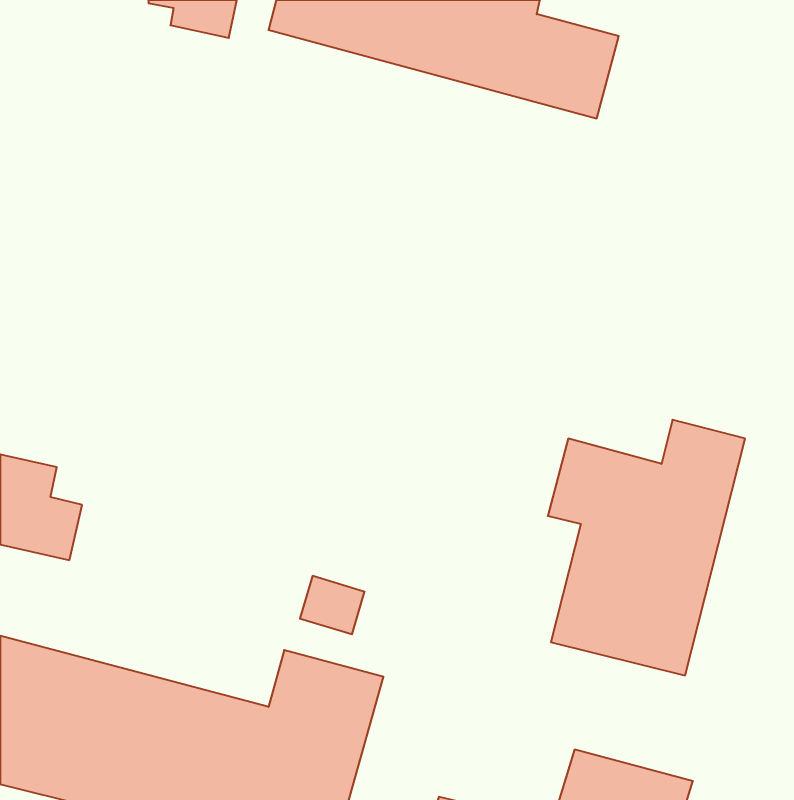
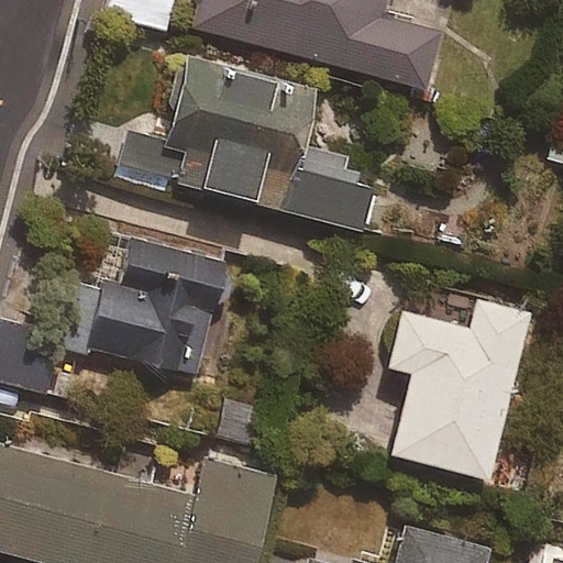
building: none -> [167,57,375,229]
building: none -> [64,241,227,376]

